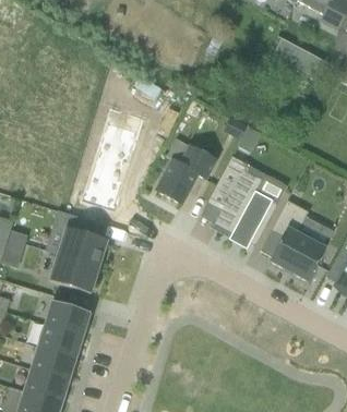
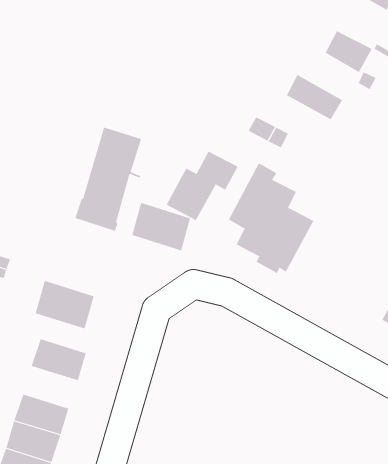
building: none -> [286,74,343,120]
building: [270,199,326,281] -> none
building: [56,225,105,265] -> [131,202,191,251]
building: [38,323,84,358] -> none

